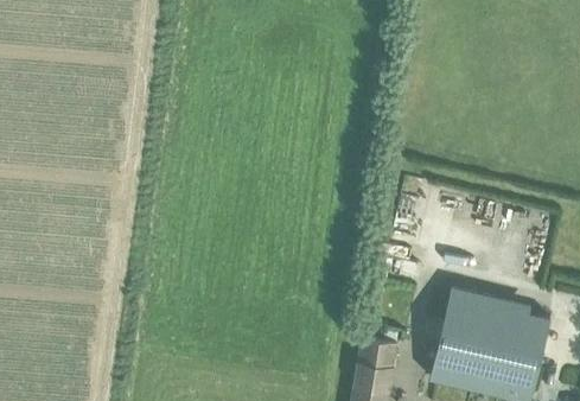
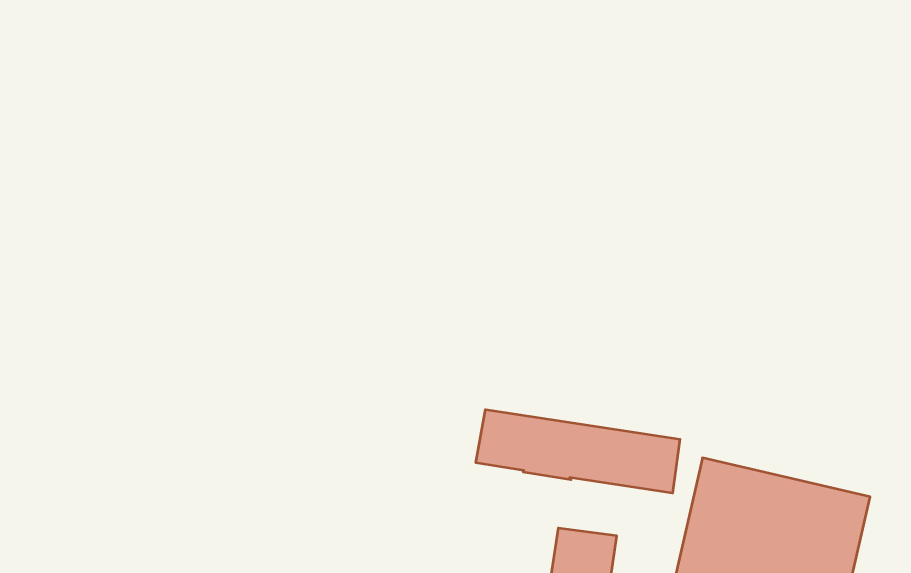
building: none -> [476,410,680,493]

